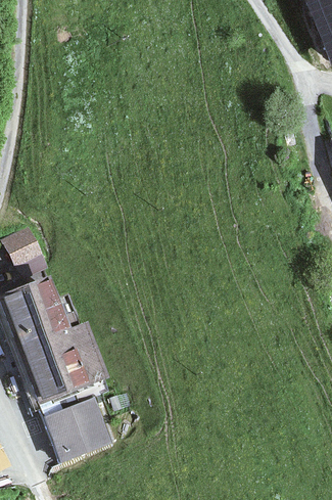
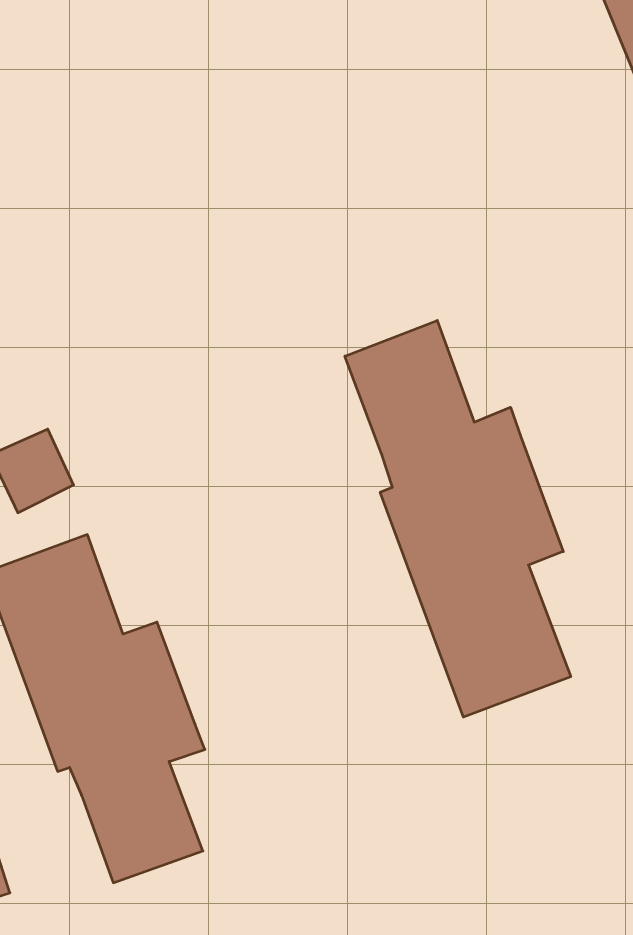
building: none -> [345,320,571,717]

